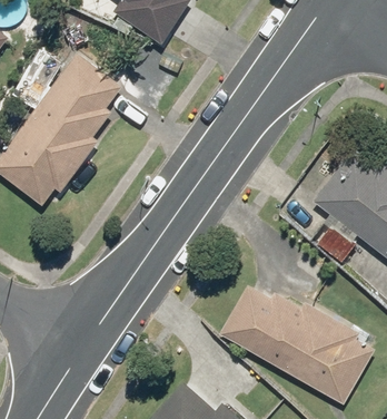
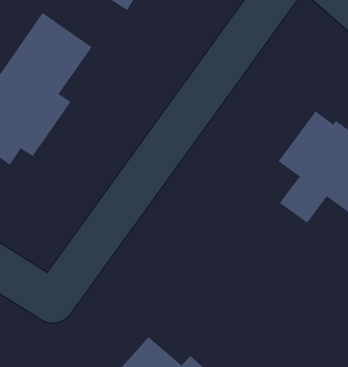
building: [218,279,371,401] -> none

